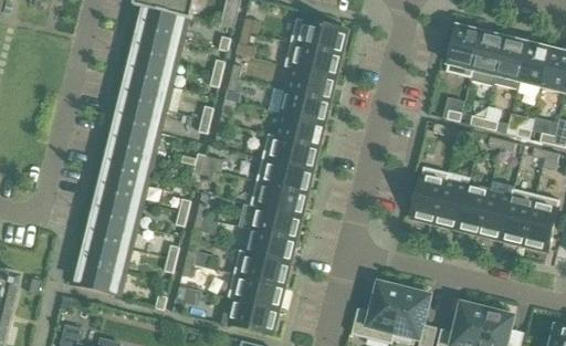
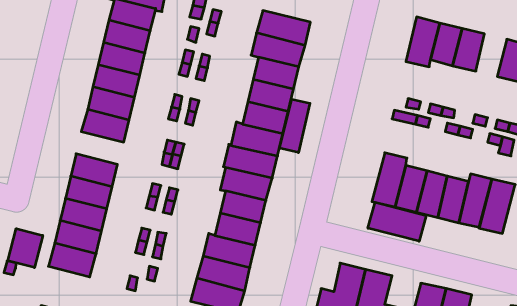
building: [518,42,551,86] -> none
building: none -> [279,99,310,153]
building: [102,144,151,178] -> none
building: none -> [368,202,426,241]
building: none -> [8,229,43,268]

